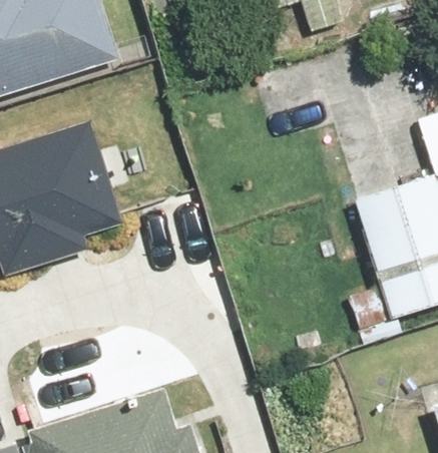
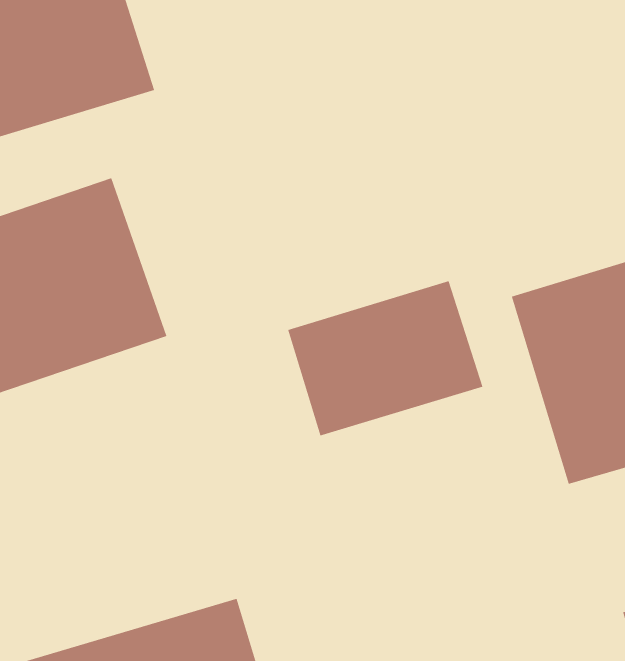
building: none -> [287,280,483,436]

